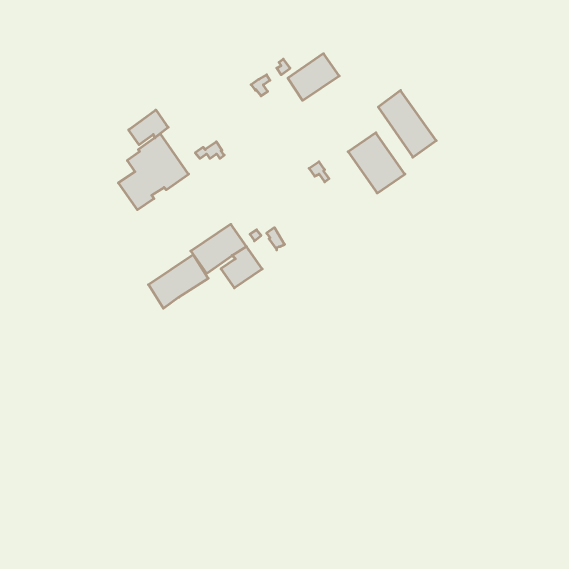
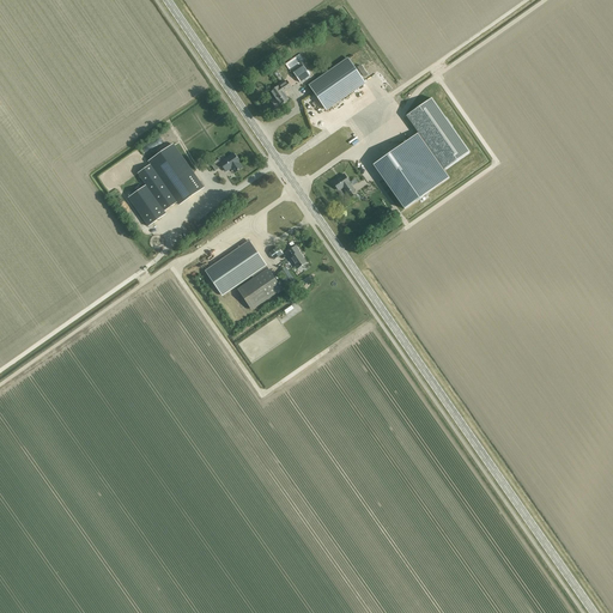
building: [129,110,168,145] -> none
building: [148,255,208,308] -> none

